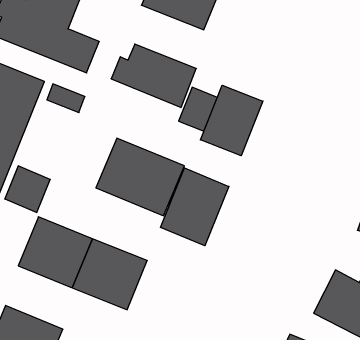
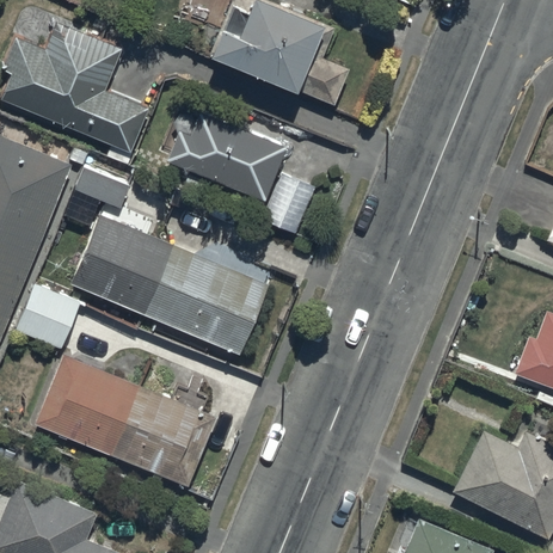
building: [200,85,263,156] -> none
building: none -> [70,215,174,315]
building: [161,168,229,246] -> none

